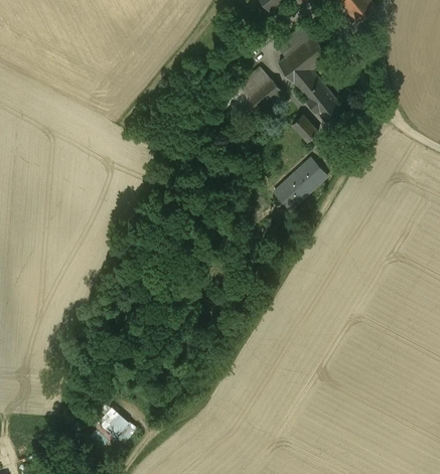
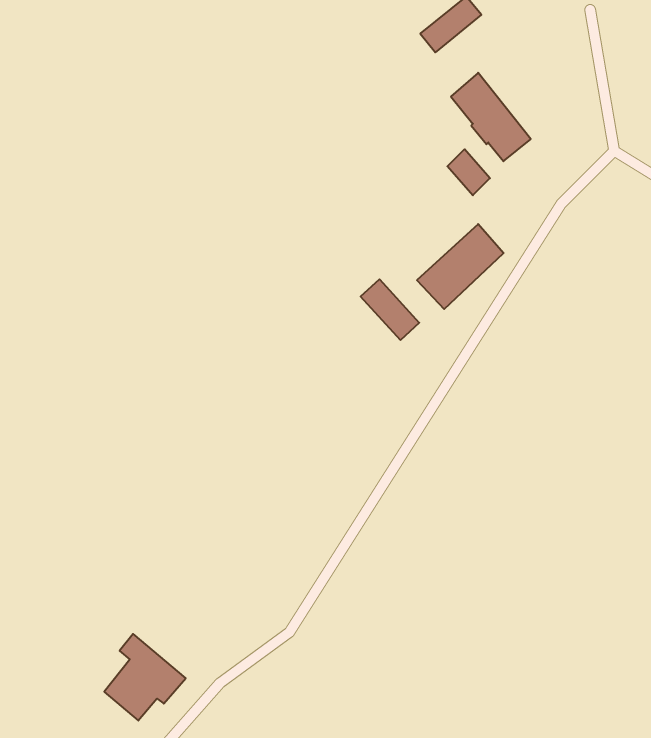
building: [278,35,328,84] -> none
building: [228,67,281,116] -> none
building: none -> [361,279,419,340]

